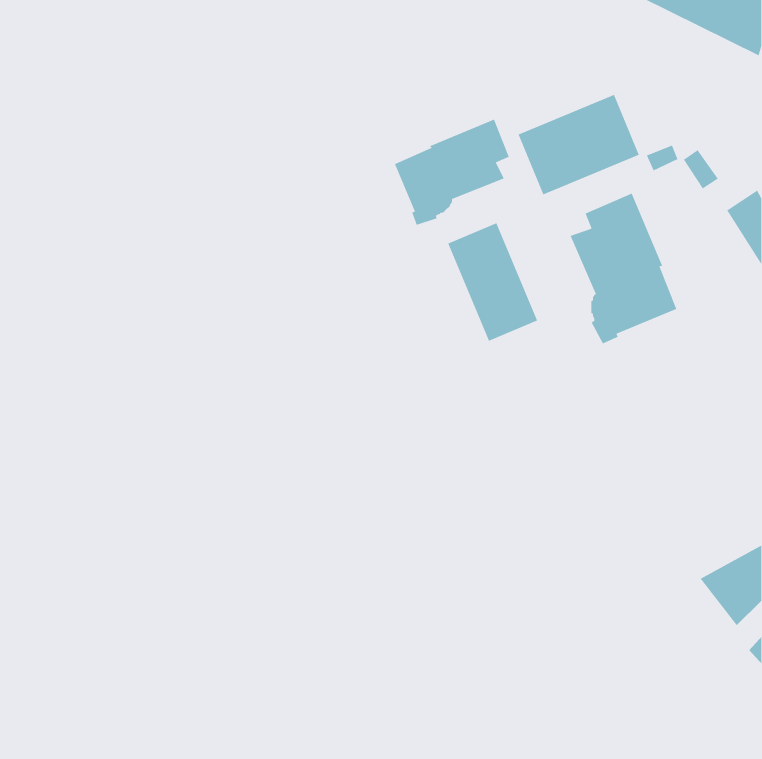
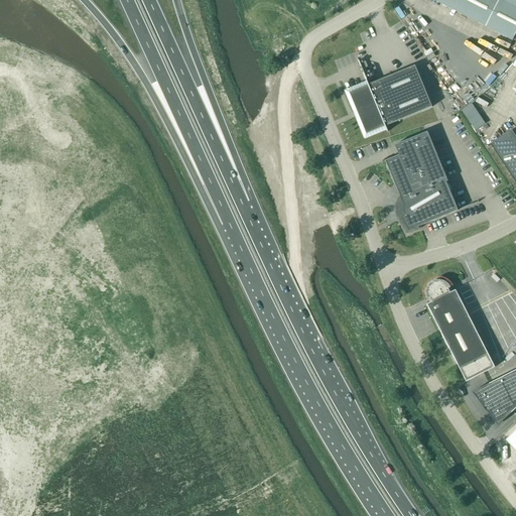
building: [393,119,510,226] -> none
building: [447,222,538,342] -> none
building: none -> [426,278,495,380]

